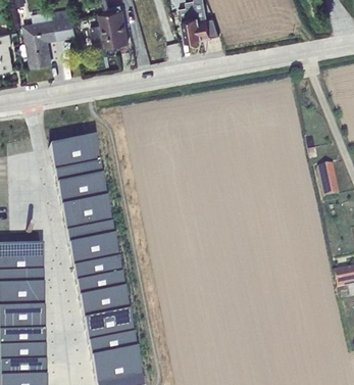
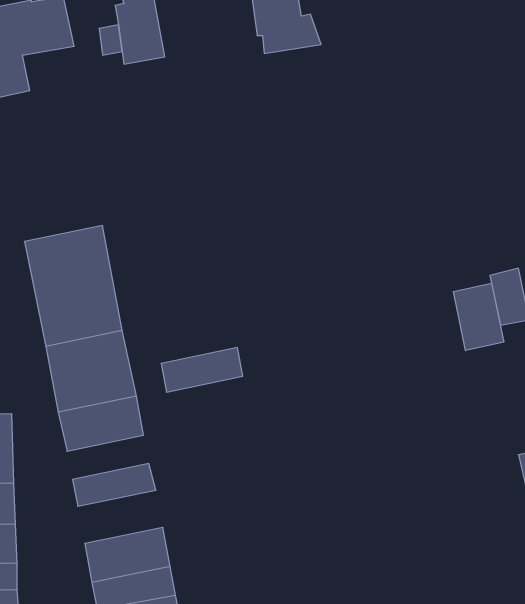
building: none -> [453,283,504,351]
building: [73,259,120,285] -> [161,348,243,392]
building: [80,291,129,322] -> none

